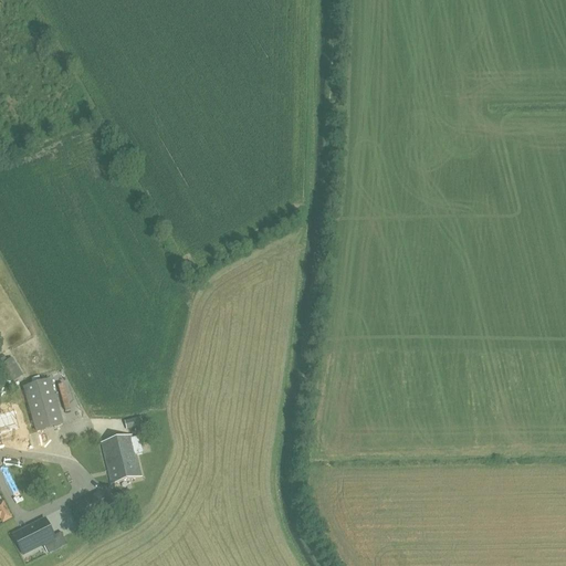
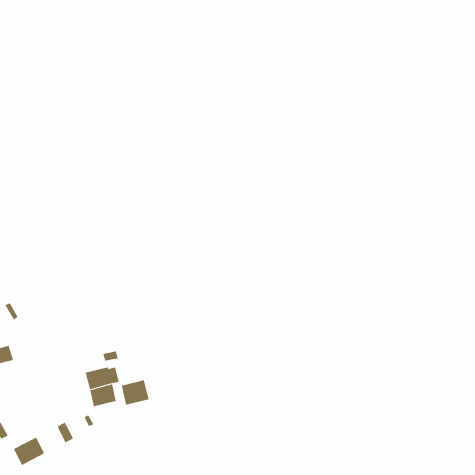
building: [23,378,61,430] -> none
building: none -> [121,379,149,406]

